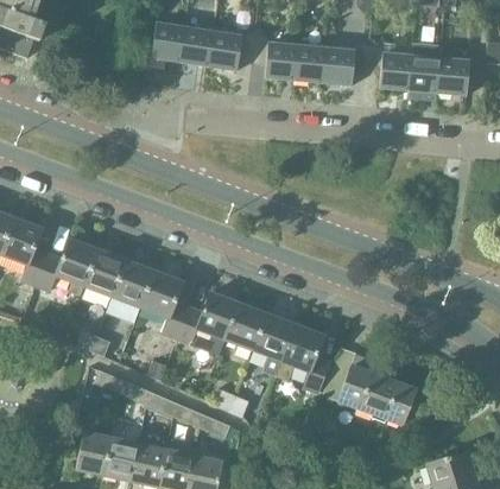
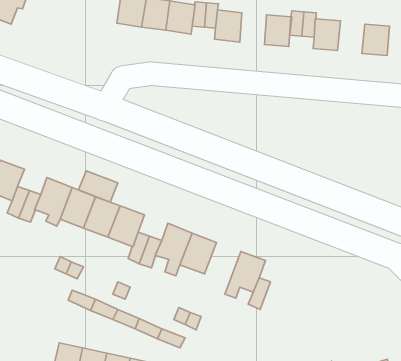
building: [295,45,325,82] -> none
building: [409,55,441,93] -> none
building: none -> [78,171,118,202]
building: [253,313,296,374] -> none
building: [338,362,416,424] -> none

